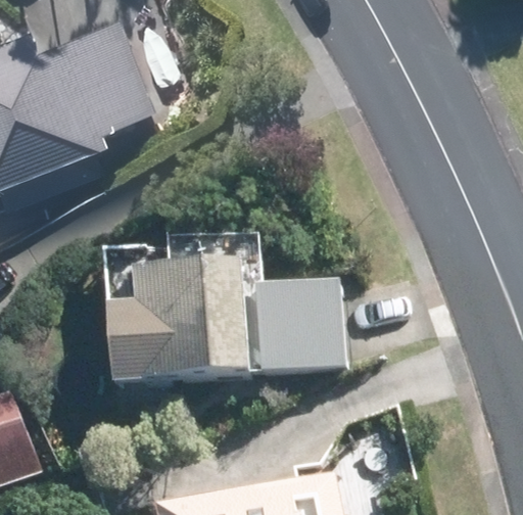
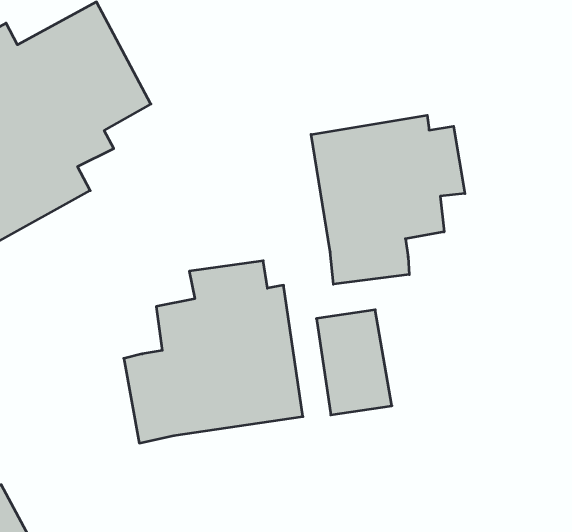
building: none -> [311,115,465,284]

